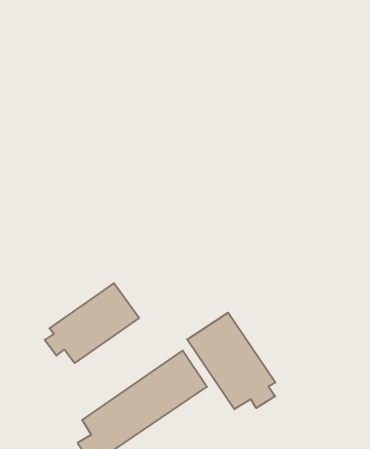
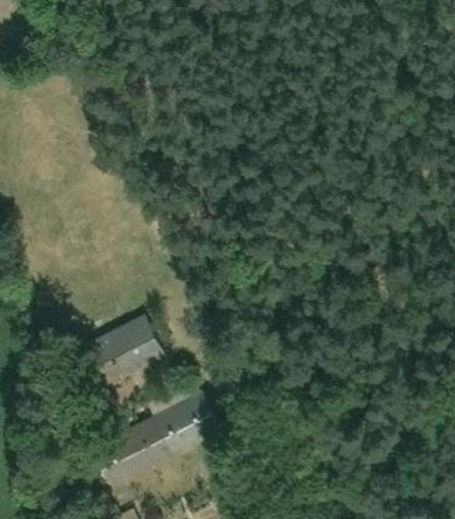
building: [187,313,275,409] -> none

